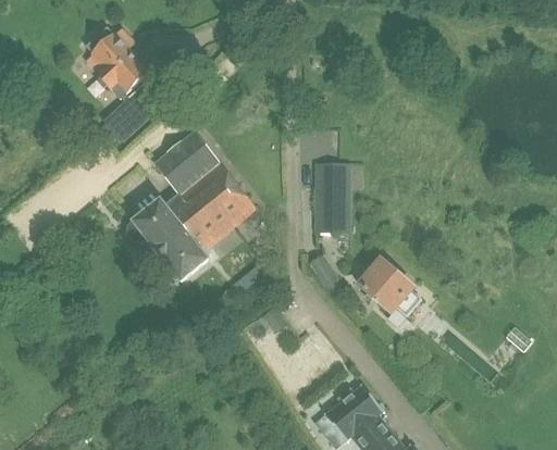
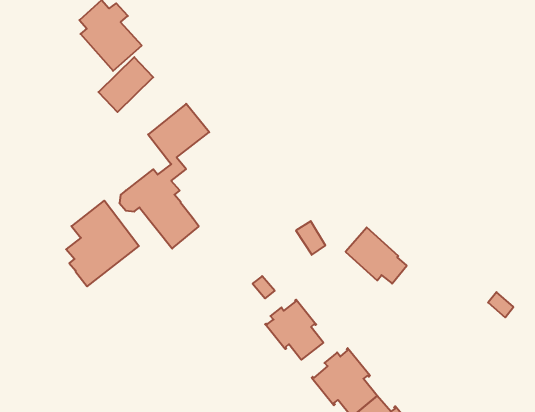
building: [178,162,253,250] -> [66,201,139,286]
building: [312,164,351,234] -> none
building: none -> [265,300,323,360]

